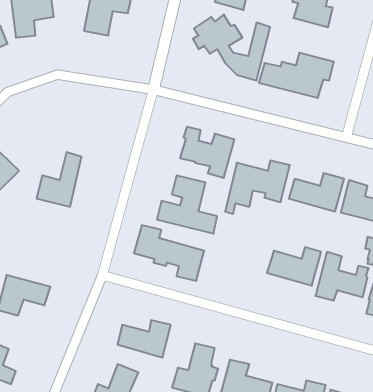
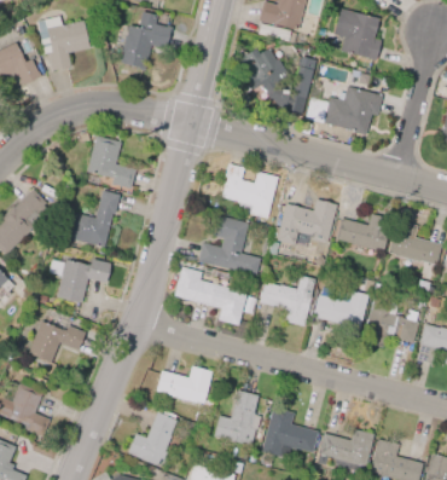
building: none -> [87,135,134,187]
building: none -> [58,260,110,303]
building: none -> [259,274,317,326]

